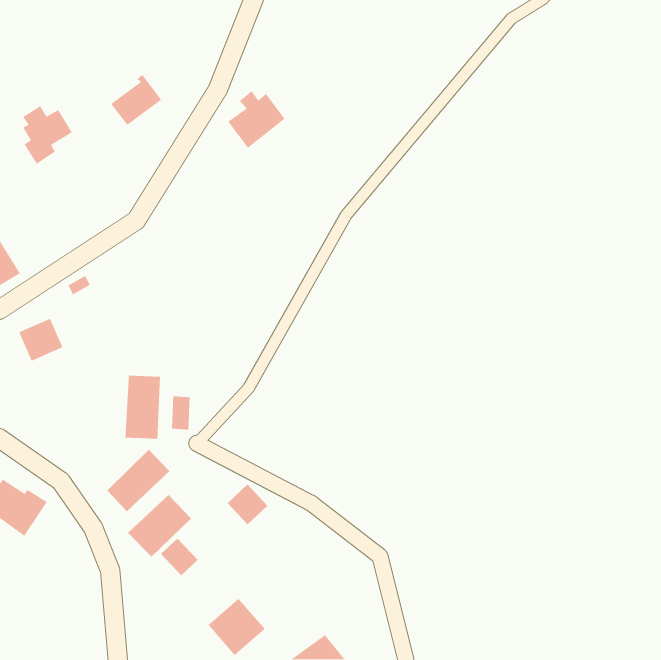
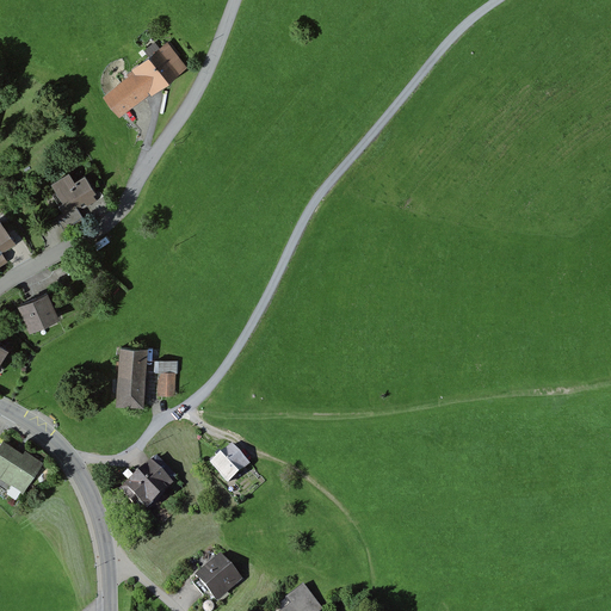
building: [227,90,286,149] -> [131,39,185,93]
building: [22,105,73,165] -> [51,173,98,228]
building: [106,449,170,512] -> none
building: [160,538,198,576] -> none

